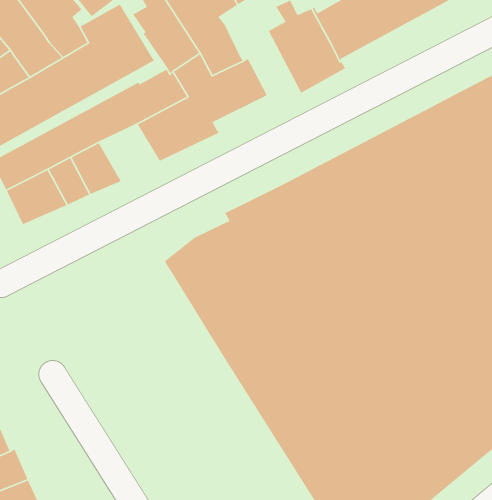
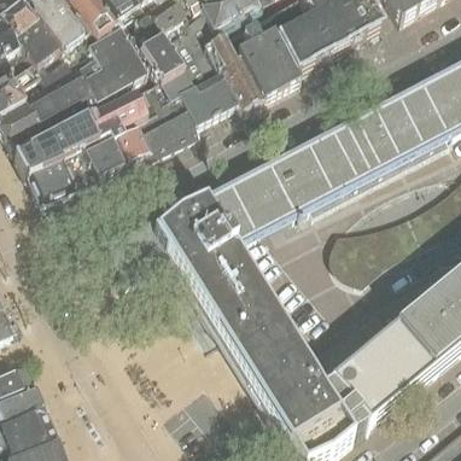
building: none -> [204,31,264,107]
building: none -> [103,122,151,168]

